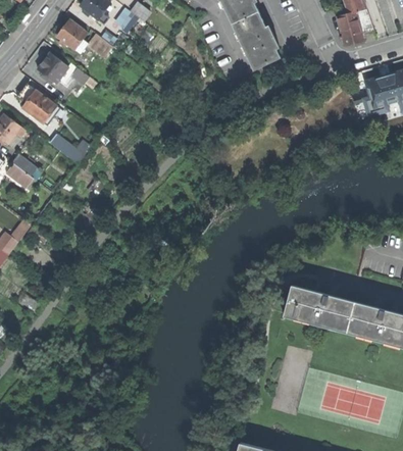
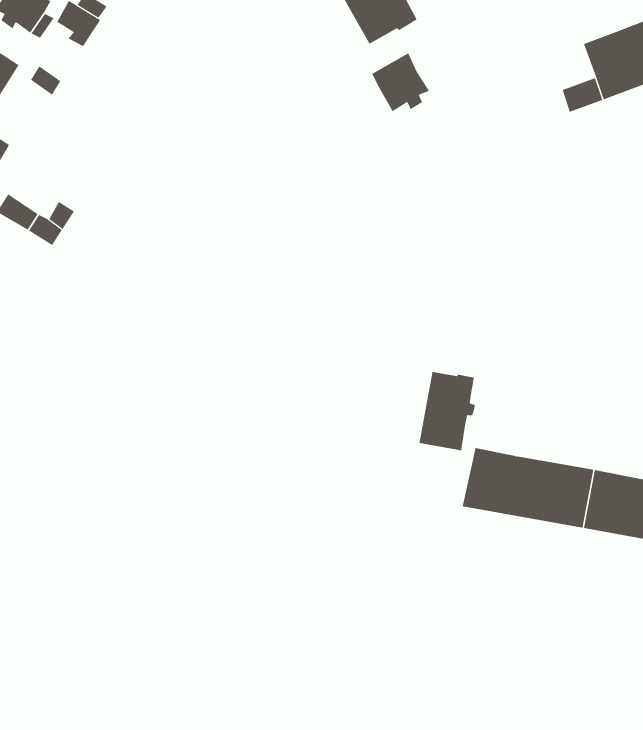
building: none -> [372,53,430,112]
building: none -> [419,371,475,451]

